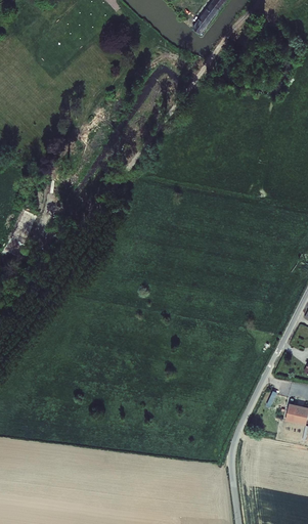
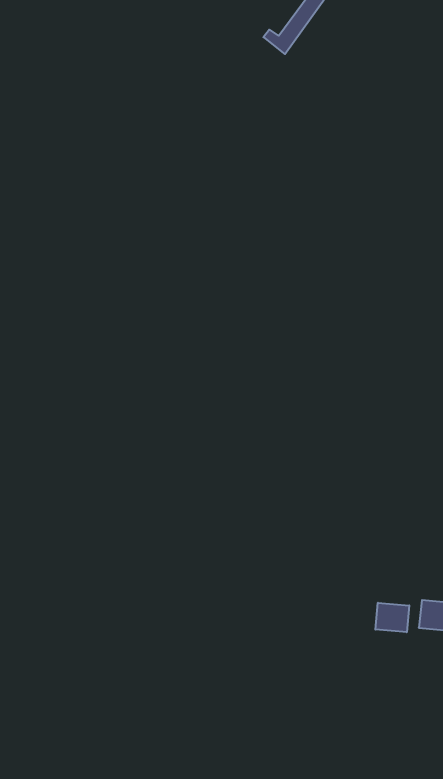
building: none -> [375,603,409,632]

